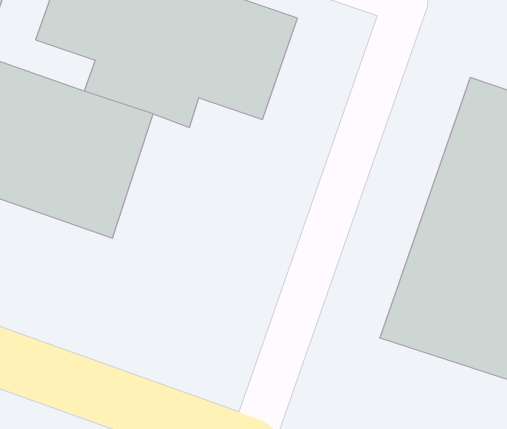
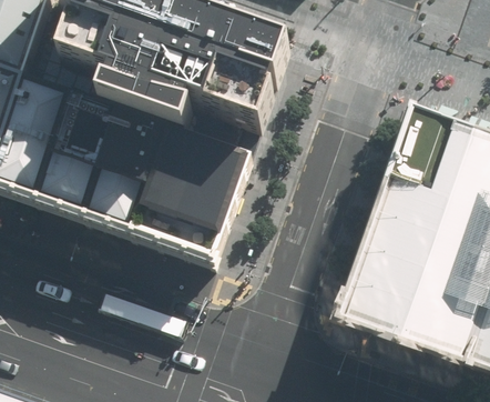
building: none -> [126,121,253,254]

